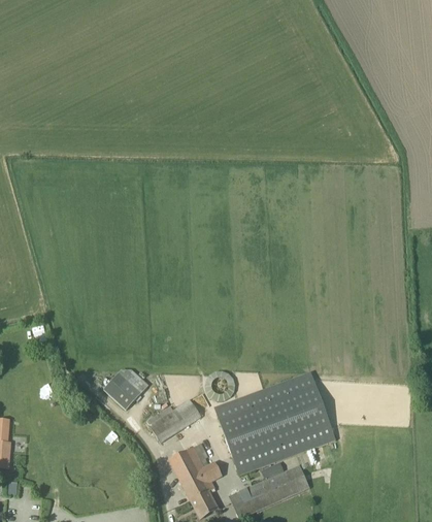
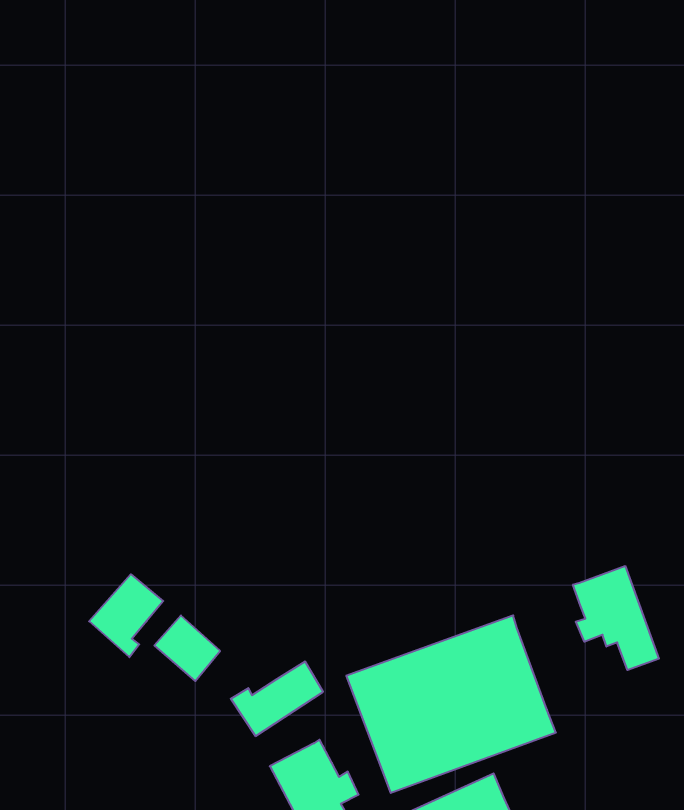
building: none -> [573,566,659,670]
building: none -> [89,574,163,657]

